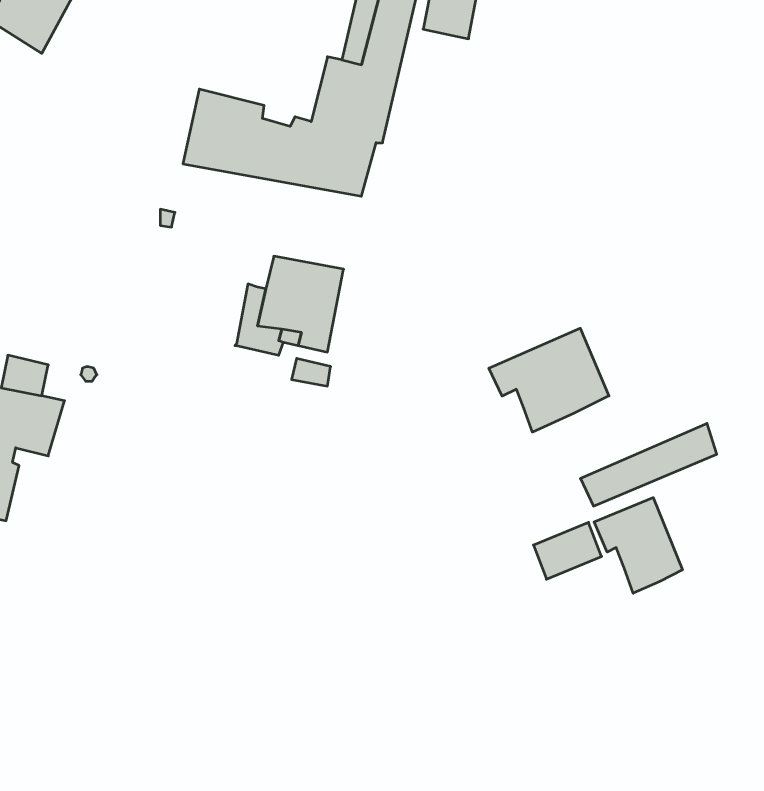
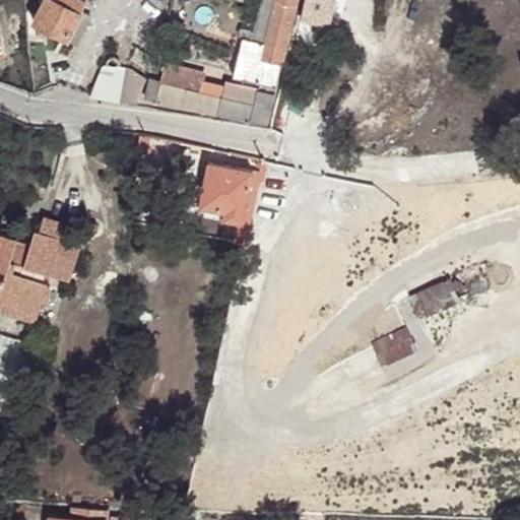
building: none -> [85,65,141,103]
building: [489,328,609,432] -> none
building: [594,498,682,593] -> none

